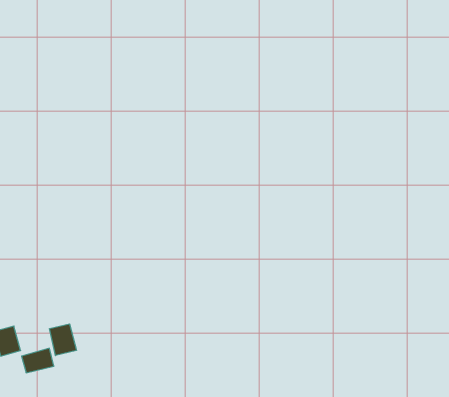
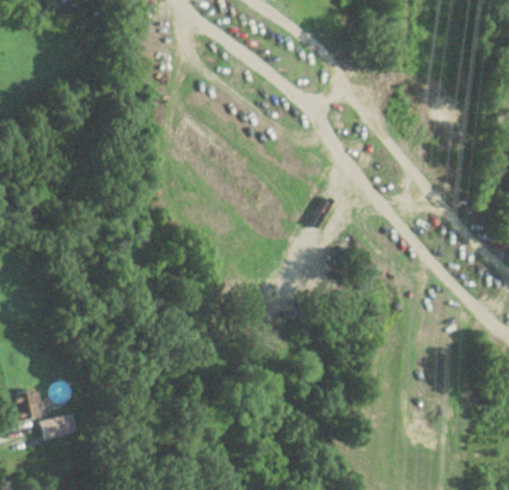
building: [50,324,76,356] -> none

